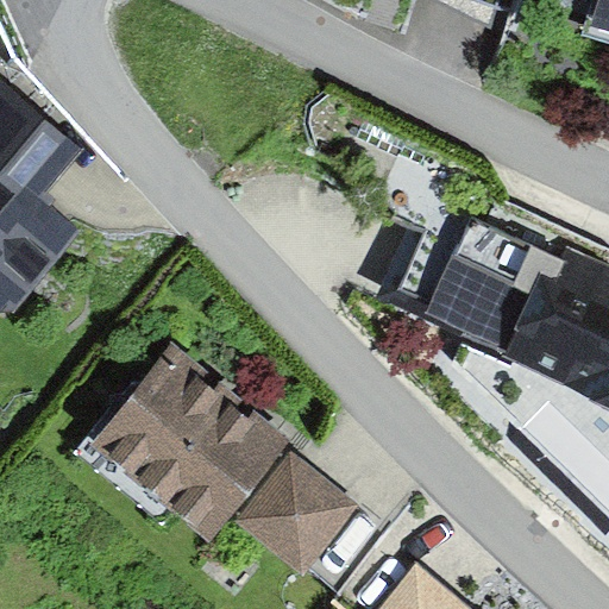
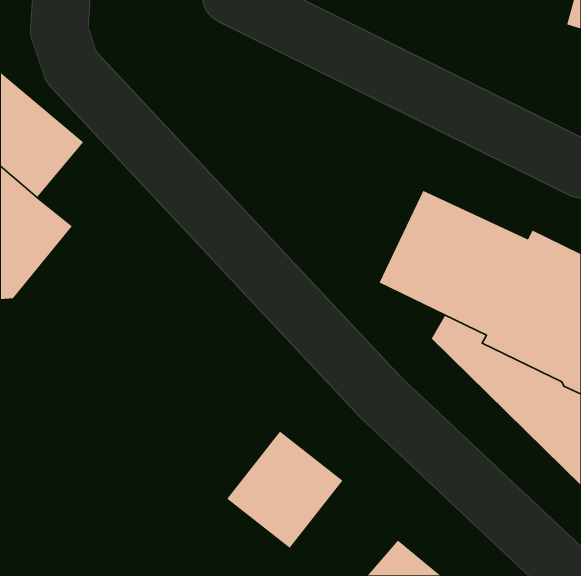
building: [90,346,293,545] -> none

